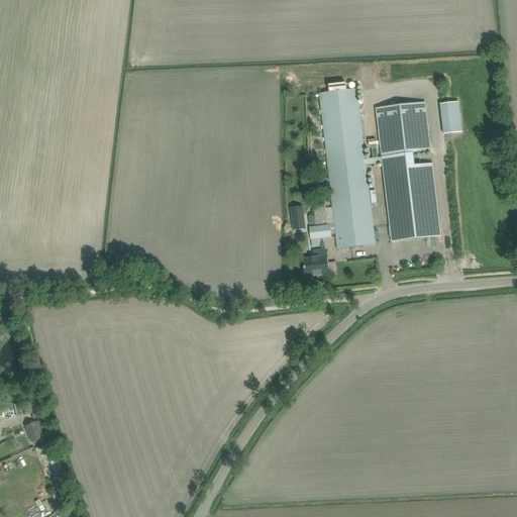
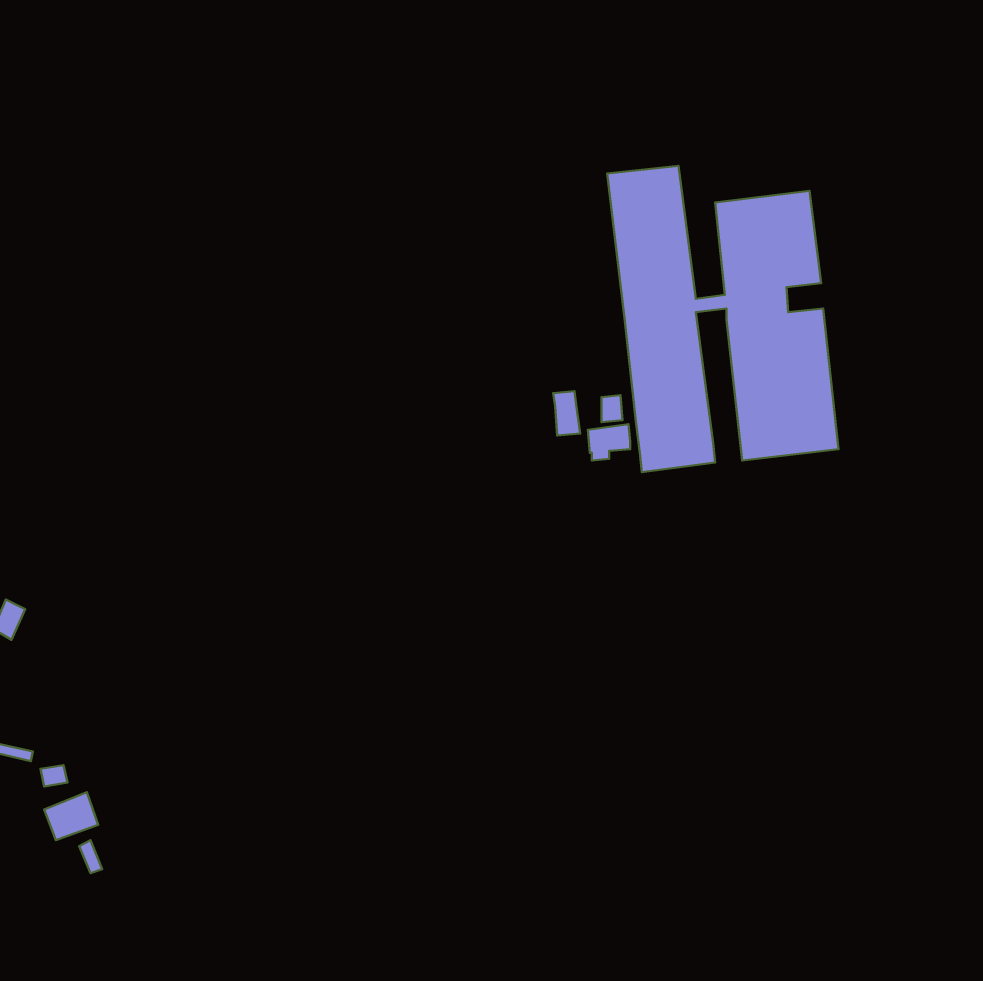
building: [439,100,461,132] -> none
building: [303,248,328,275] -> none

